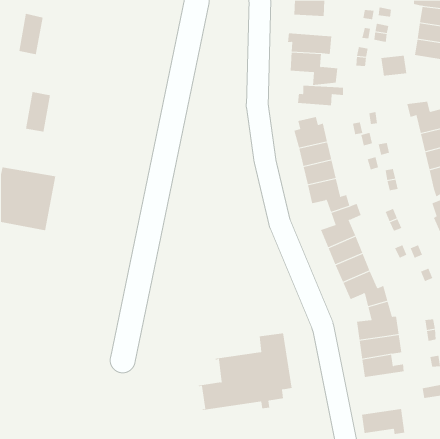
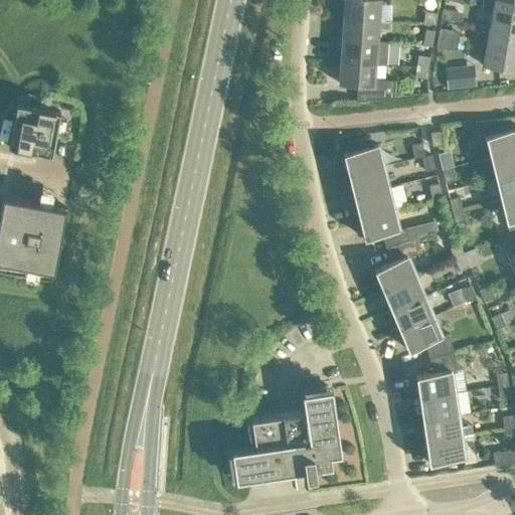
building: [18,13,43,55] -> [9,105,38,153]
building: [297,85,344,106] -> [337,20,391,44]
building: [361,409,405,434] -> [425,436,477,466]

